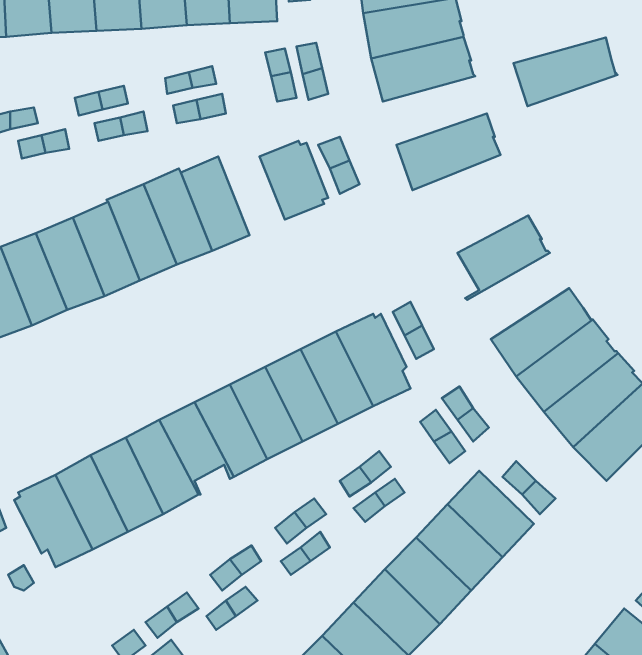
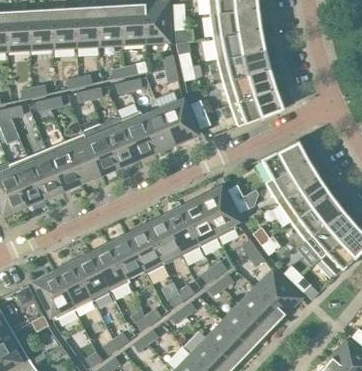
building: [514,38,618,106] -> [222,70,275,105]
building: none -> [138,111,172,151]
building: none -> [265,160,317,204]

